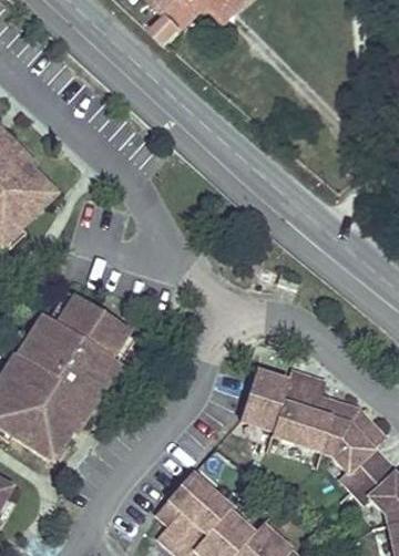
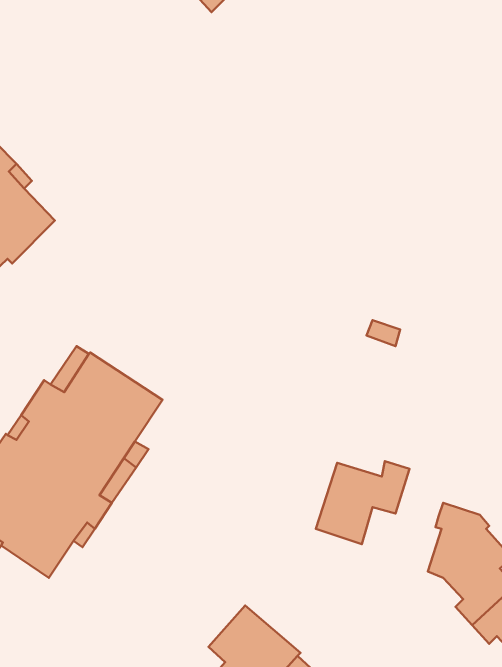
building: [272,377,331,451] -> none

